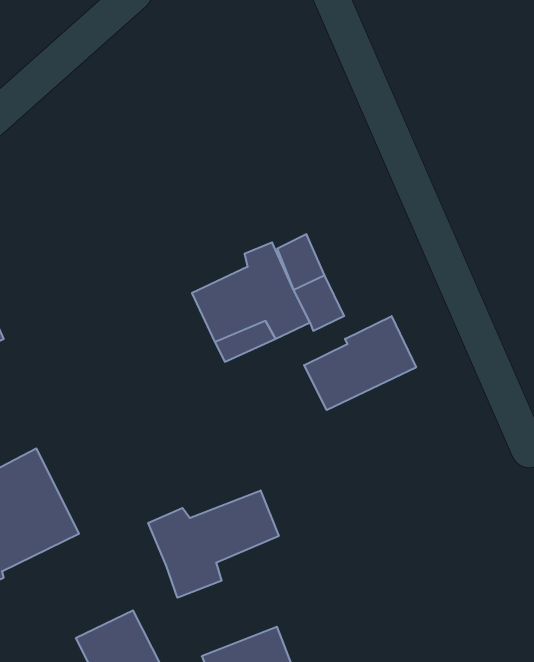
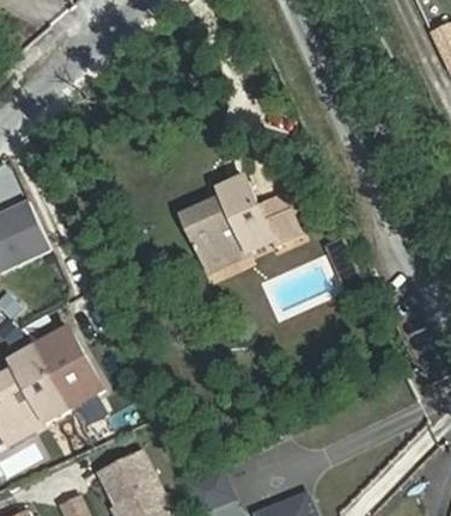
building: [304,316,416,410] -> none
building: [148,490,279,598] -> none

